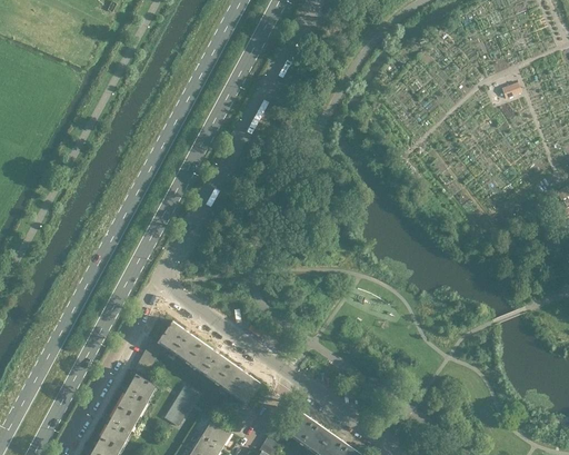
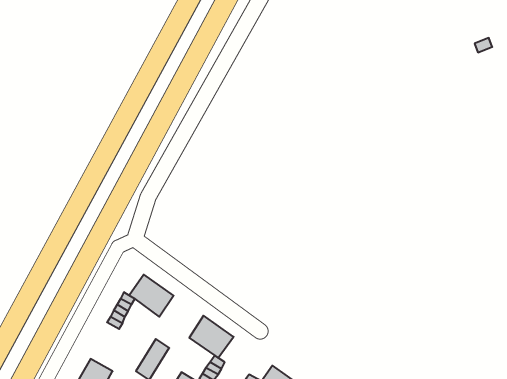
building: [187,342,231,384] -> none
building: [118,374,158,417] -> none

